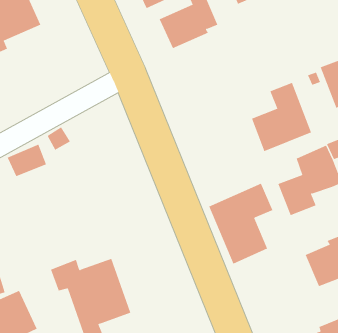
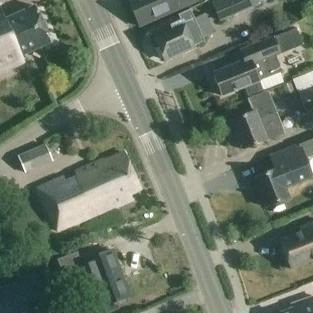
building: none -> [211,29,302,97]
building: none -> [35,148,139,229]
building: [208,183,273,264] -> none

